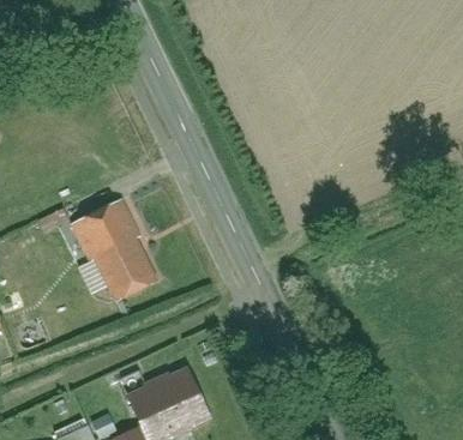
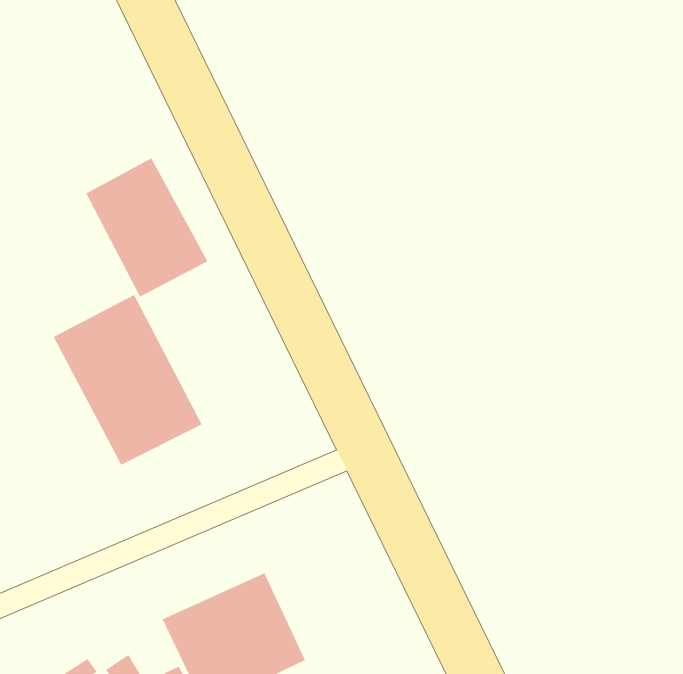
building: none -> [86,158,208,297]

